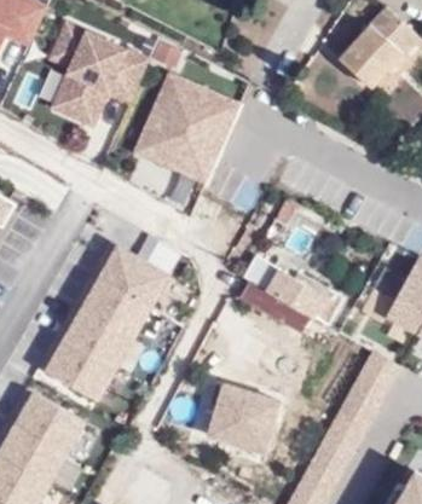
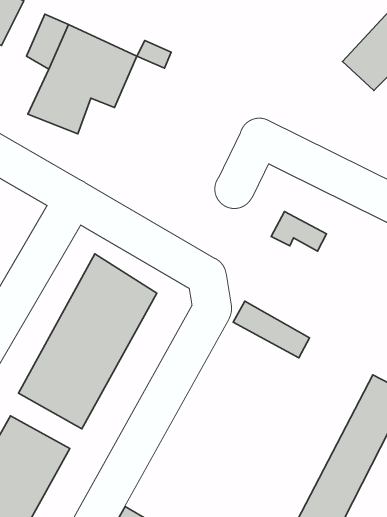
building: [133,70,242,183] -> none
building: [242,256,341,324] -> none
building: [210,383,277,444] -> none

